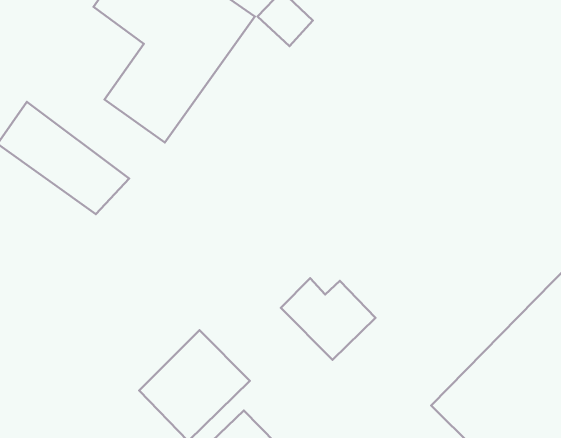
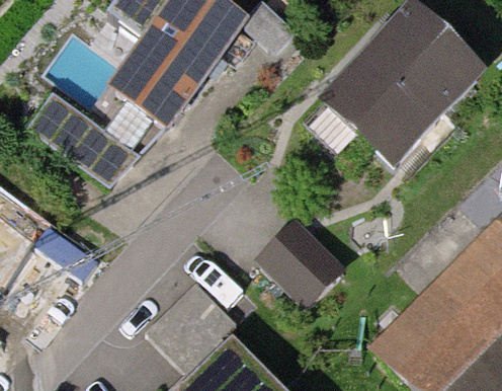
building: none -> [329,13,477,162]

